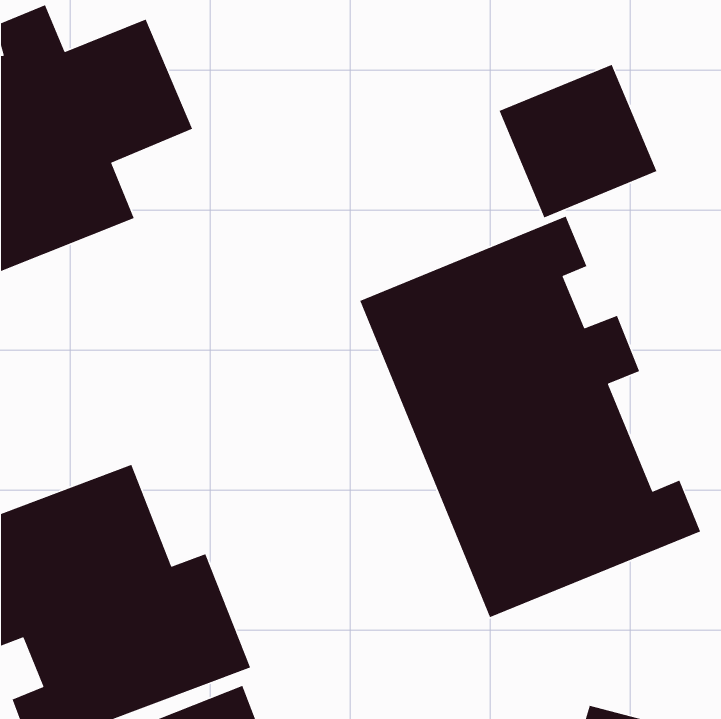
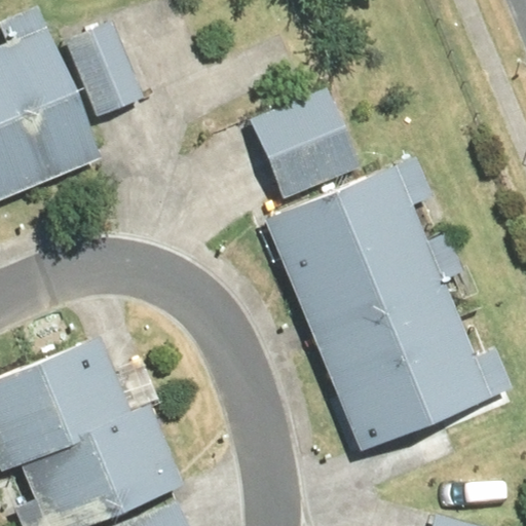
building: [499,64,657,218] -> [246,84,361,196]

